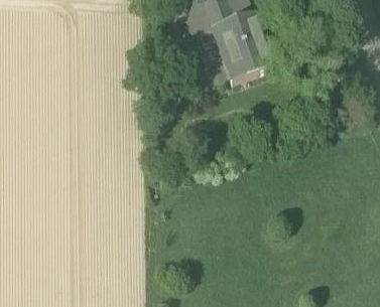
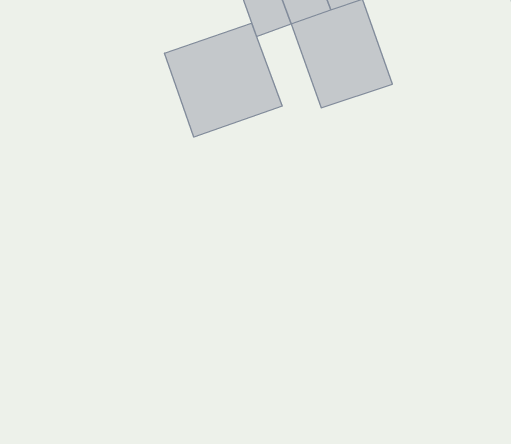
building: none -> [165,23,282,137]

